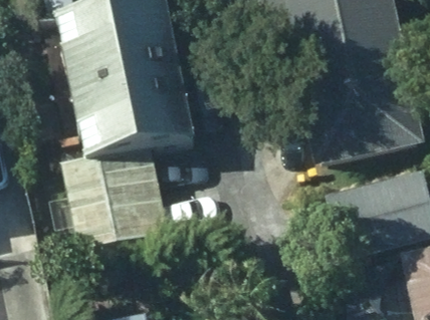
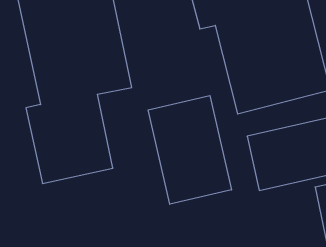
building: none -> [148,96,231,204]

